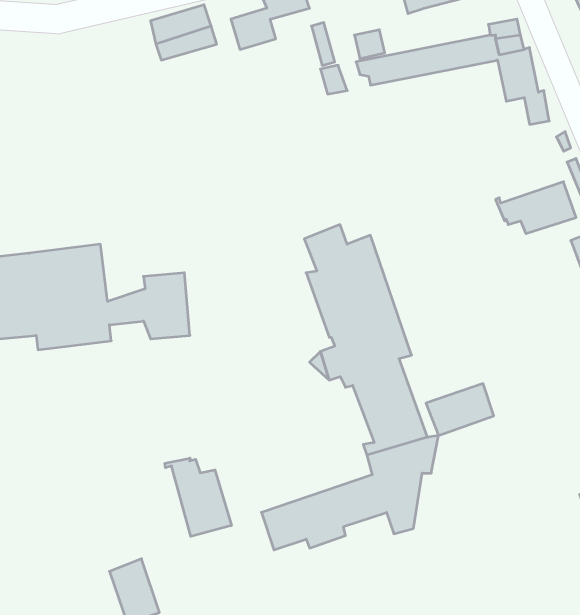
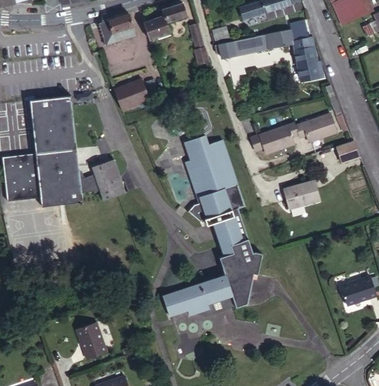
building: none -> [113,79,149,110]
building: none -> [25,96,72,152]
building: none -> [251,122,298,153]
building: [426,384,494,435] -> [285,176,323,205]
building: [165,458,231,536] -> none

